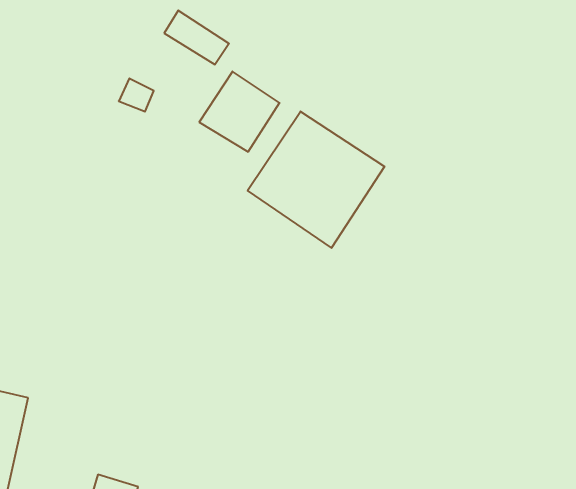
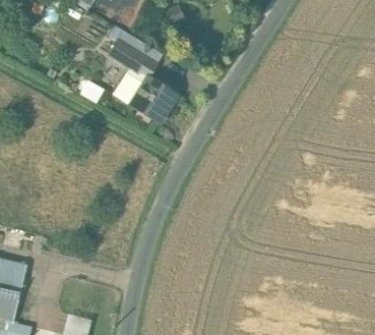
building: [248,111,384,248] -> none

